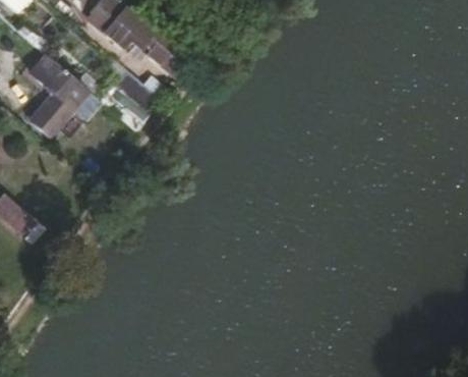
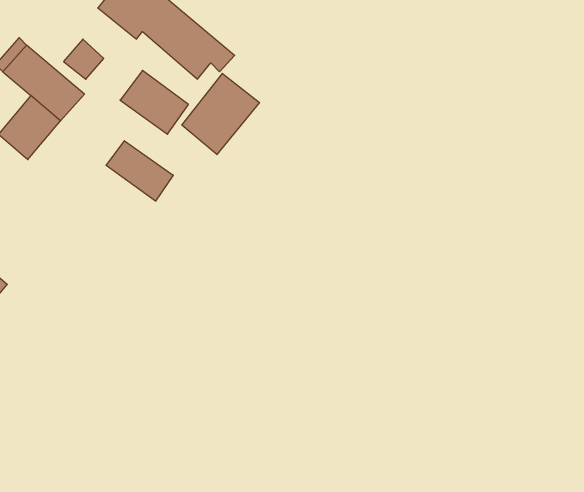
building: none -> [182,73,259,155]
building: none -> [106,141,173,201]

